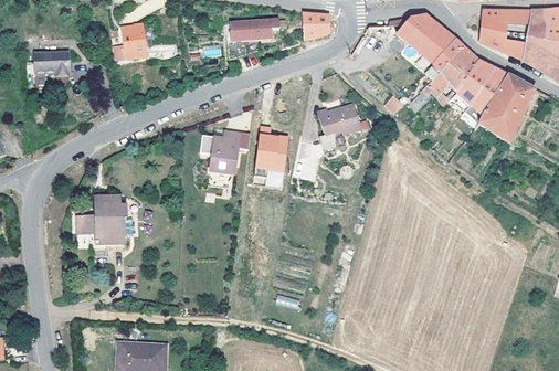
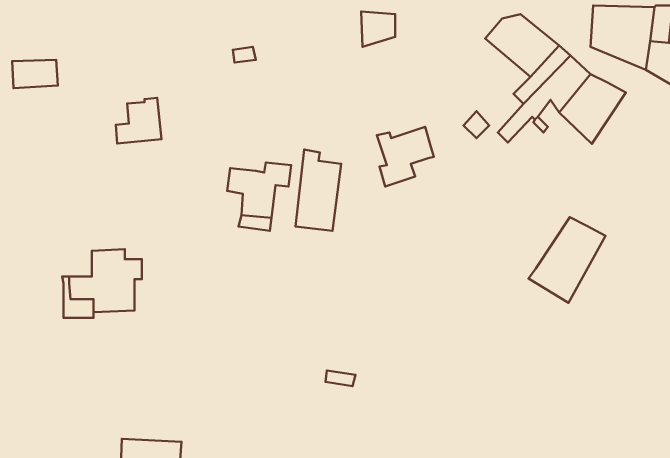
building: [230,15,282,57] -> none
building: [113,22,148,57] -> [116,98,161,143]
building: [477,75,537,141] -> [529,217,605,303]

